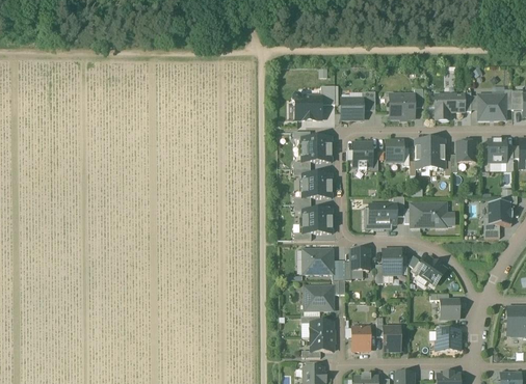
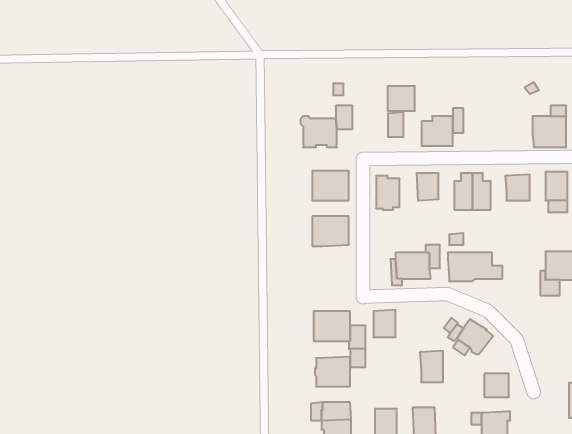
building: [436,93,464,119] -> none
building: [341,99,363,118] -> [388,86,415,111]
building: [303,209,332,232] -> none
building: [383,248,401,273] -> [420,351,443,382]

